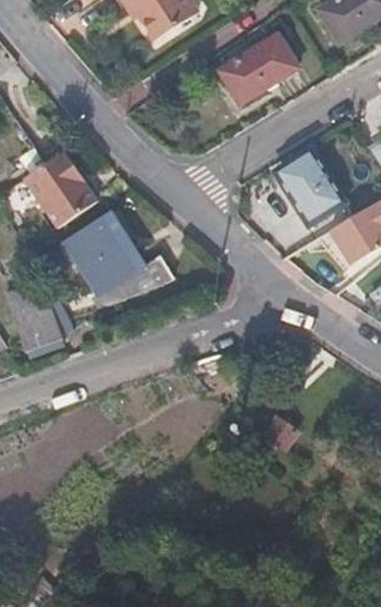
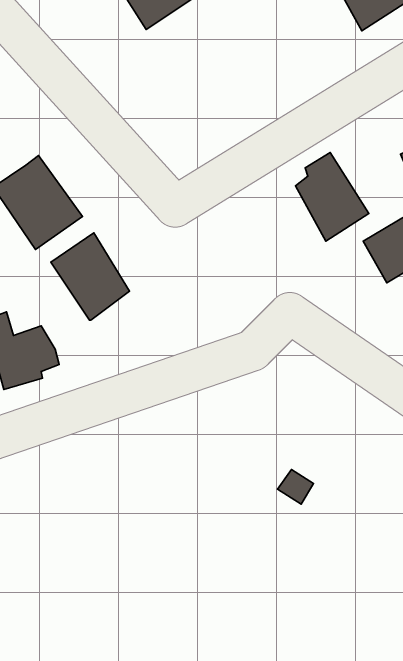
building: [224,35,298,99] -> none
building: [104,254,179,303] -> none

